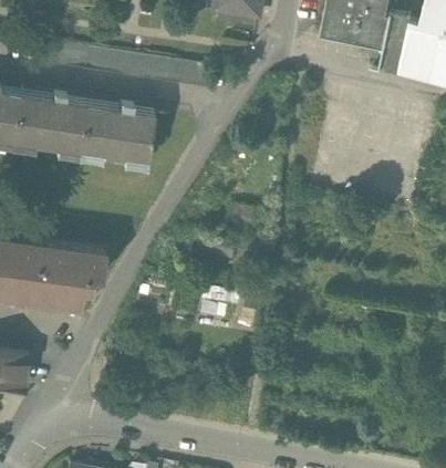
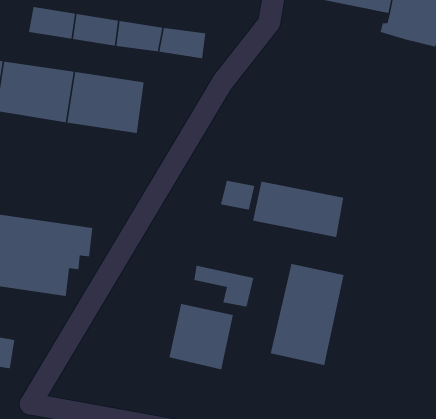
building: none -> [252,181,344,238]
building: none -> [270,263,344,366]
building: none -> [169,303,234,370]

